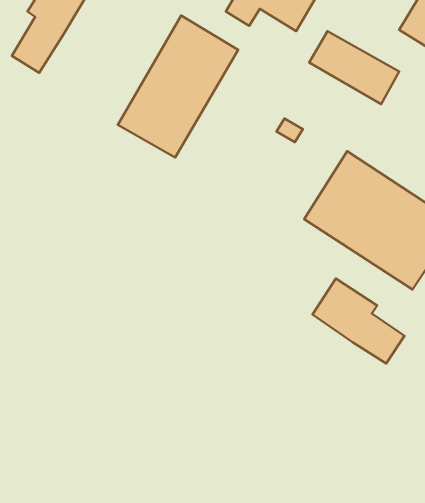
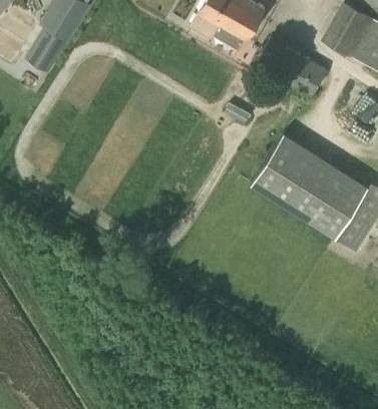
building: [118,15,238,157] -> none
building: [313,278,405,364] -> none

